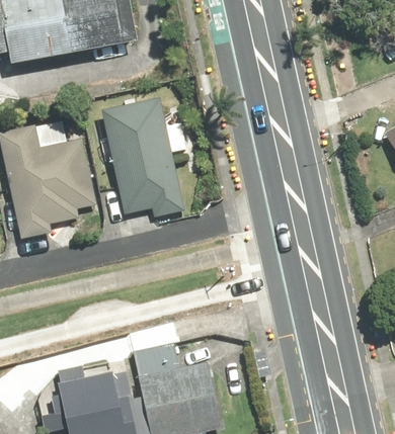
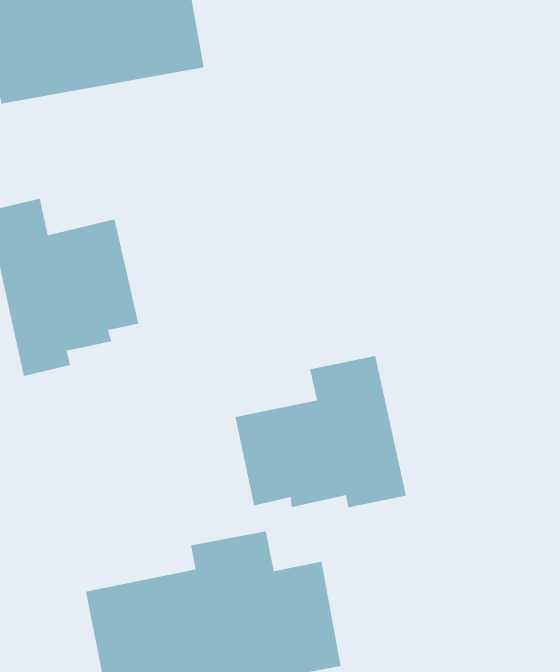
building: [100,99,182,216] -> none
building: none -> [235,355,406,508]

